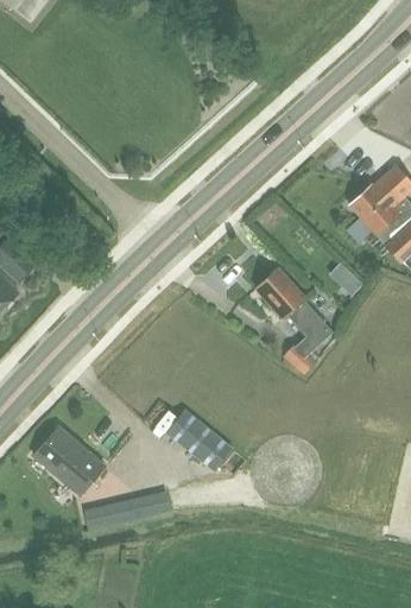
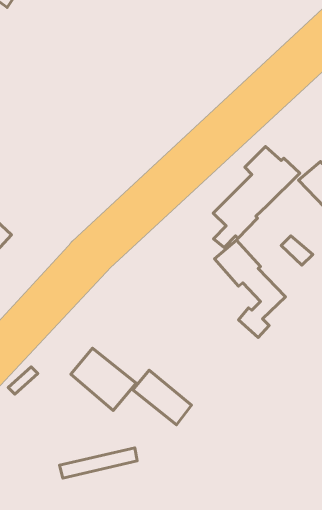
building: none -> [213,146,300,247]
building: [34,426,106,494] -> [71,348,136,410]

